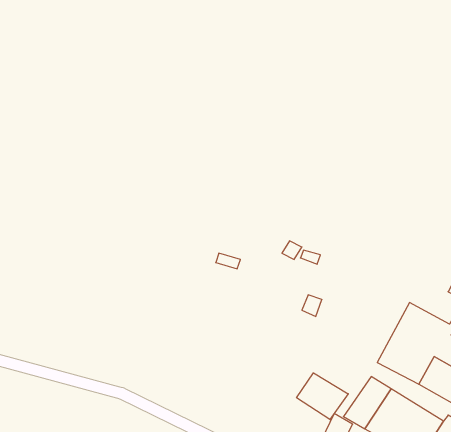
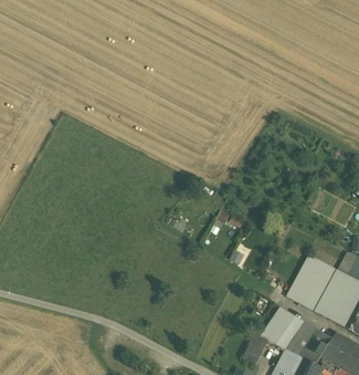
building: [297,373,348,420] -> none

